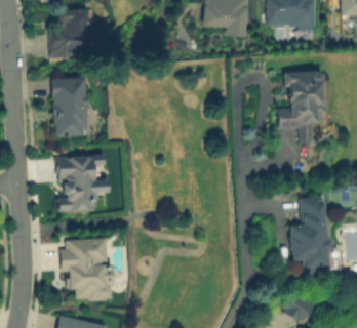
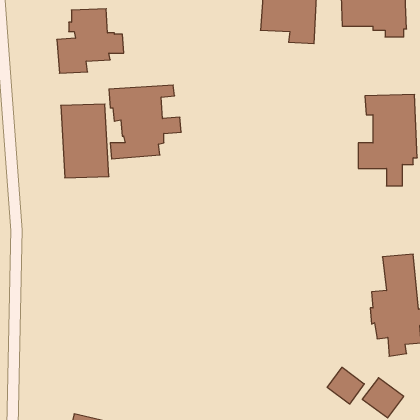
building: [56,155,112,211] -> [109,85,181,159]
building: [61,243,113,303] -> none
building: none -> [327,367,364,404]

